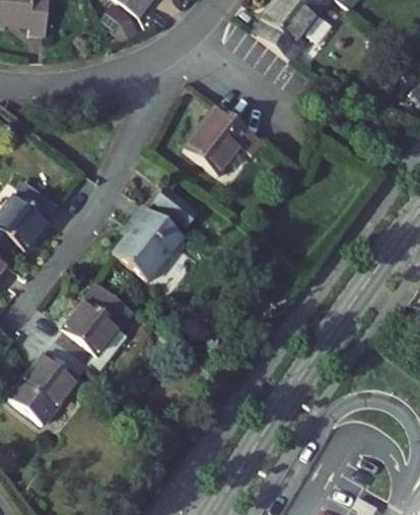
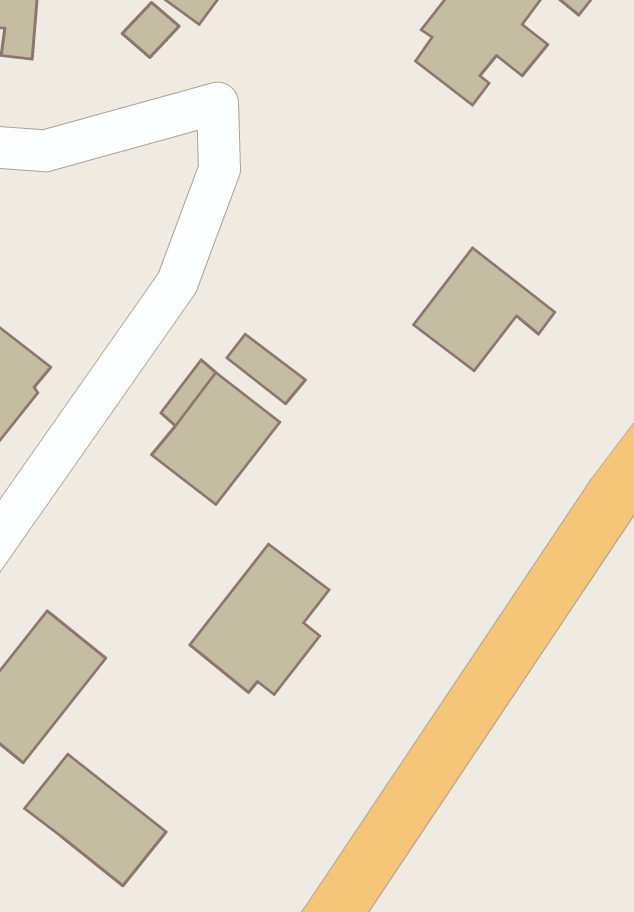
building: [185,107,263,175] -> [414,248,555,371]
building: [55,284,132,368] -> [190,544,329,694]
building: none -> [25,754,166,886]

